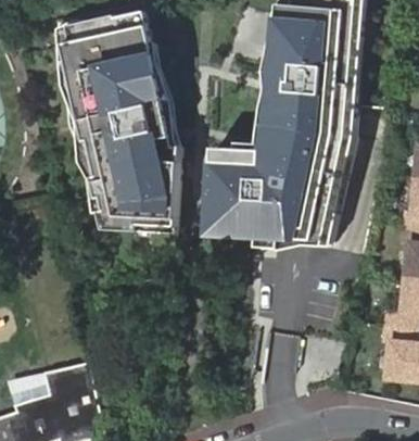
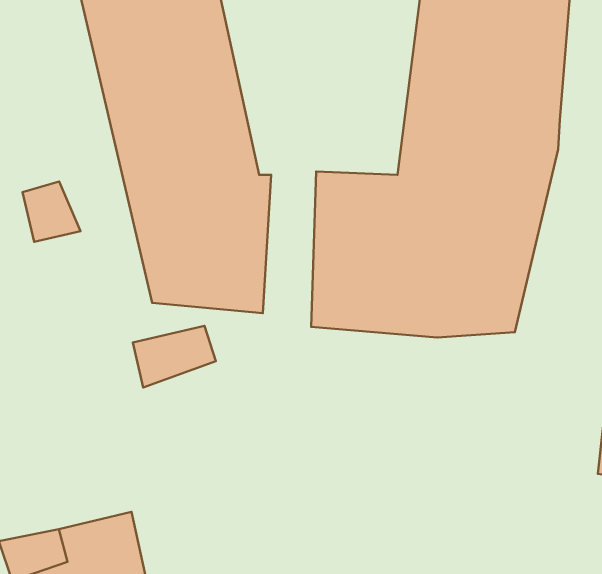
building: none -> [22,181,80,242]
building: none -> [133,326,216,387]

